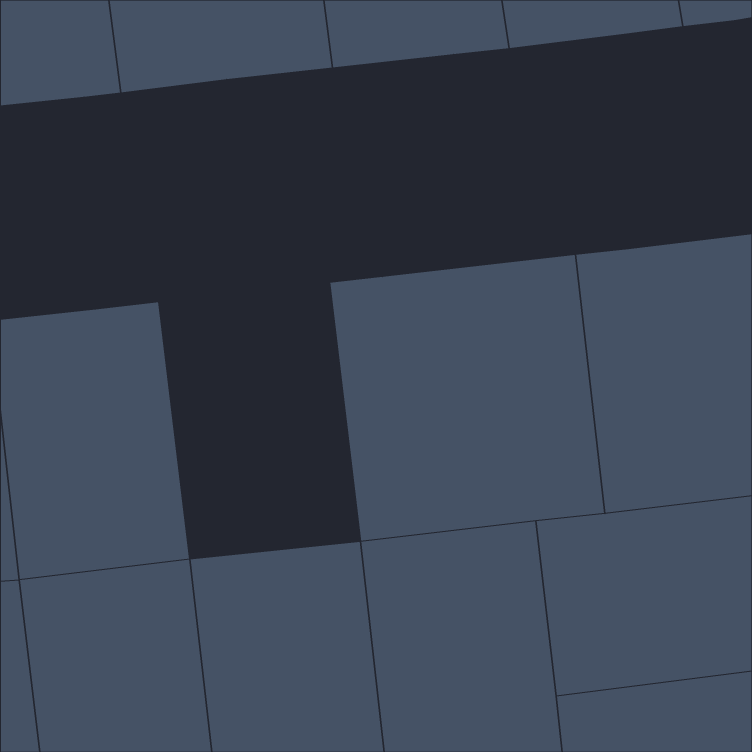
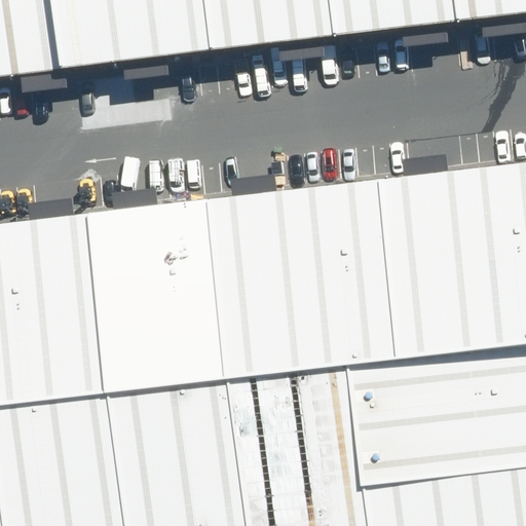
building: none -> [111,197,252,390]

